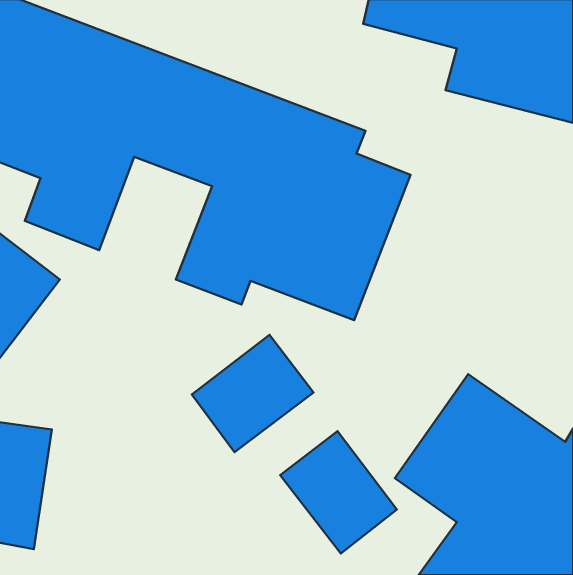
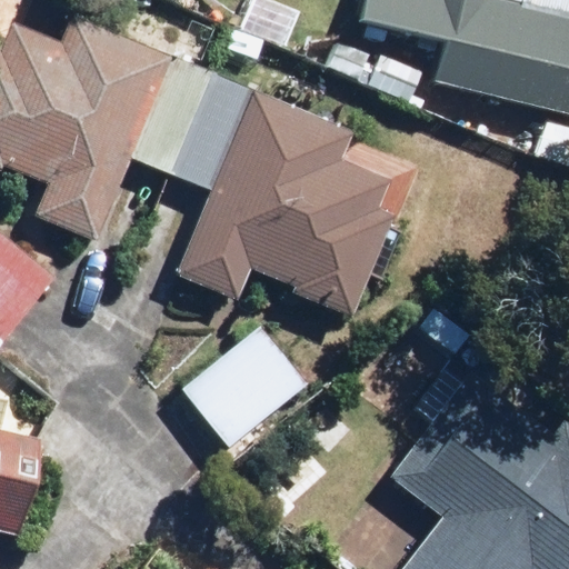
building: [280,431,397,554] -> none

